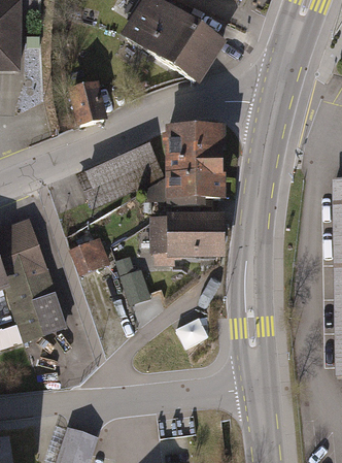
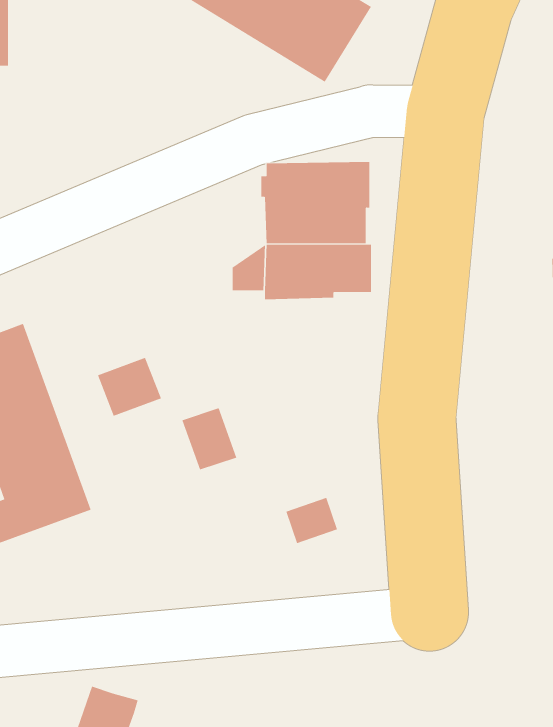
building: [71,79,109,125] -> none
building: [75,141,161,205] -> none
building: [148,210,225,256] -> none

